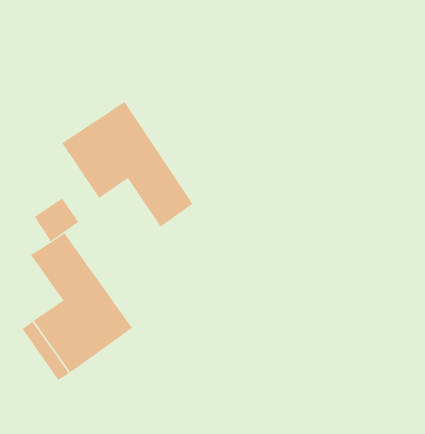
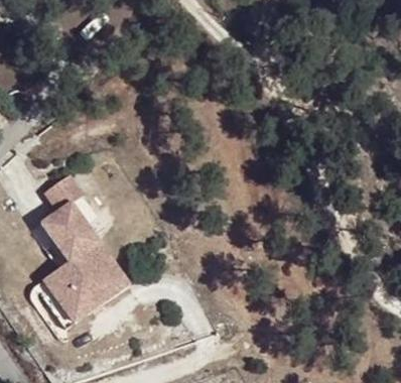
building: [61,101,193,228] -> none

